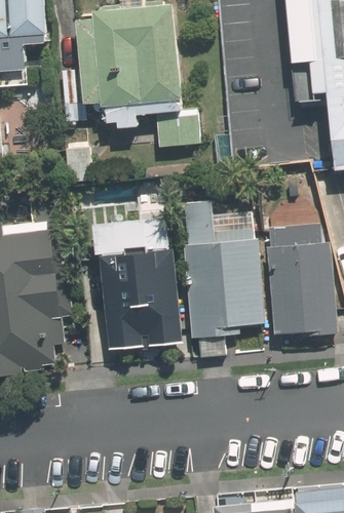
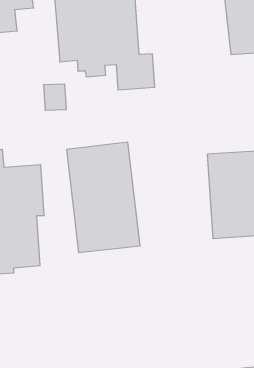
building: [179,202,268,339] -> none

